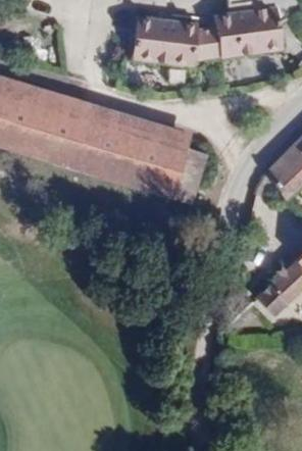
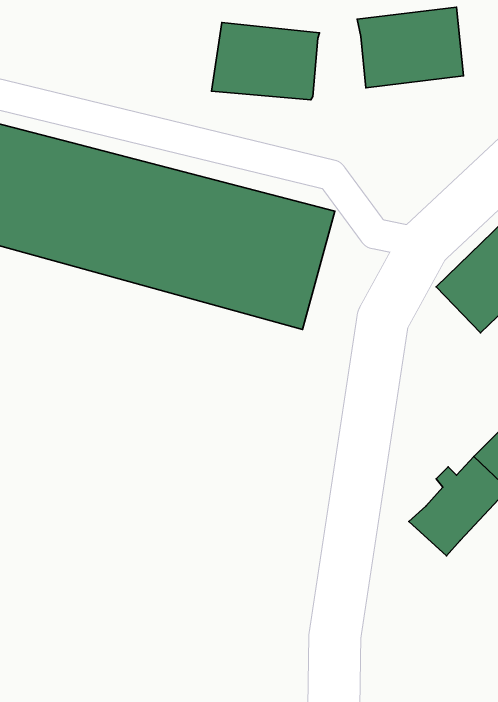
building: [189,23,220,59] -> none

